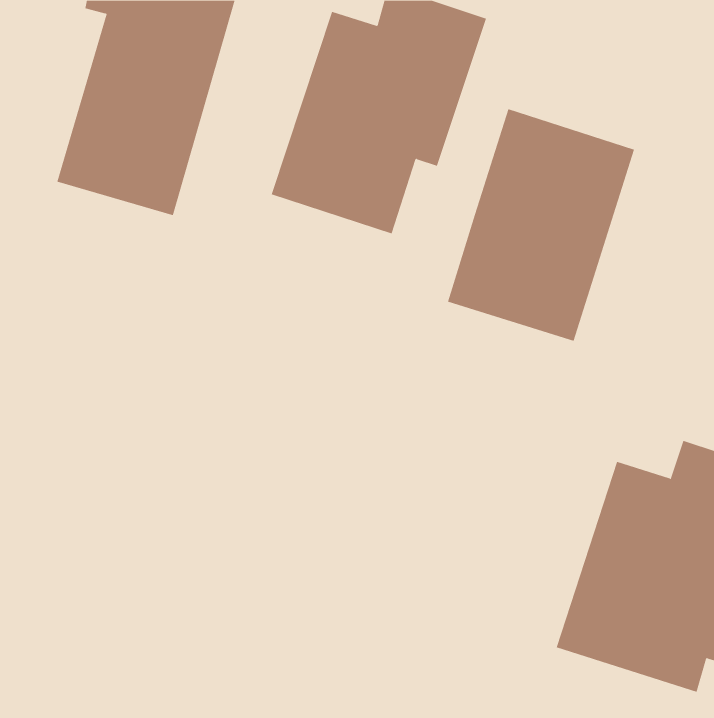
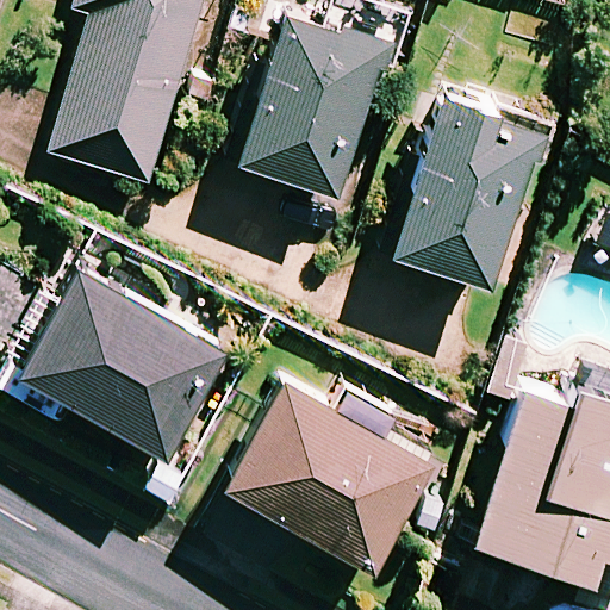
building: none -> [15,269,228,461]
building: none -> [228,386,432,574]

